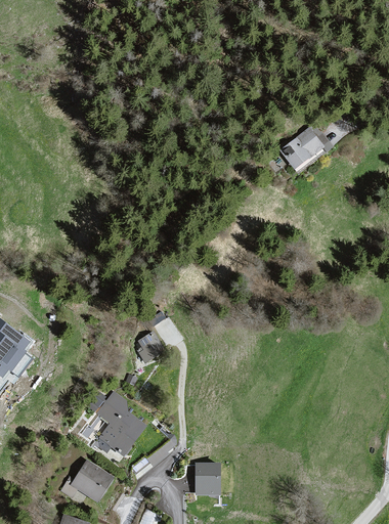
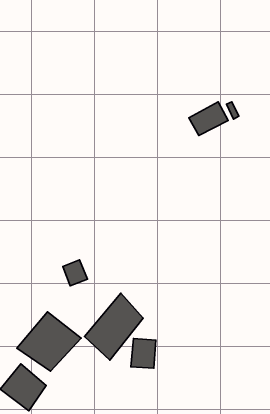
building: none -> [84,293,143,360]
building: [187,462,215,495] -> [131,339,156,368]

